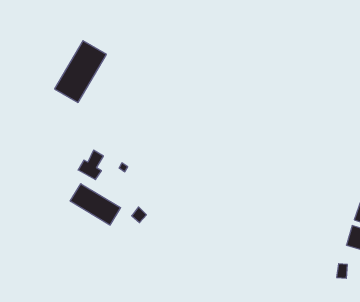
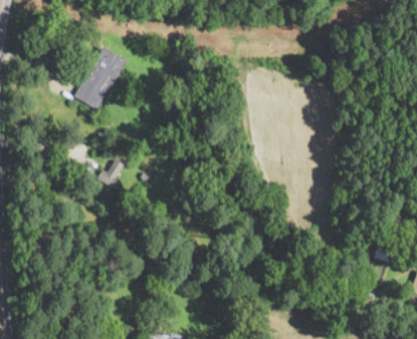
building: [70,184,121,225] -> none

